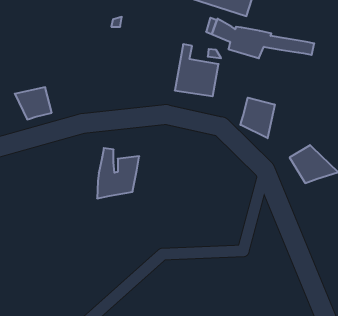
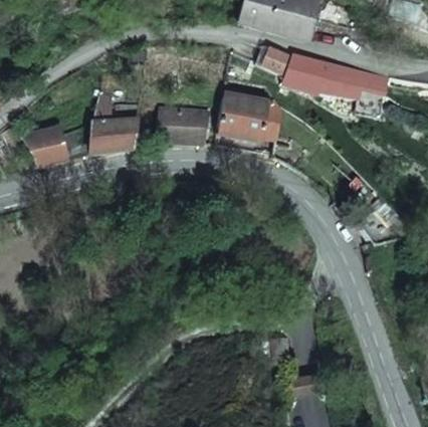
building: none -> [157,108,209,143]
building: [240,98,275,138] -> none
building: [97,148,139,198] -> [92,93,144,155]

